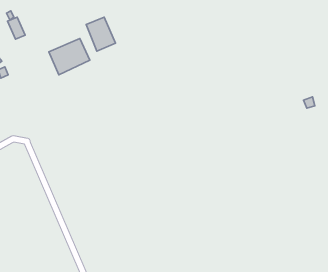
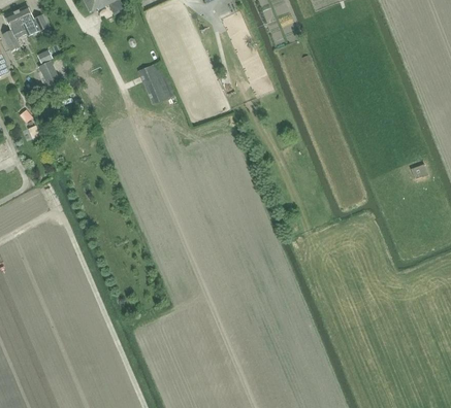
building: [49,39,90,75] -> none

